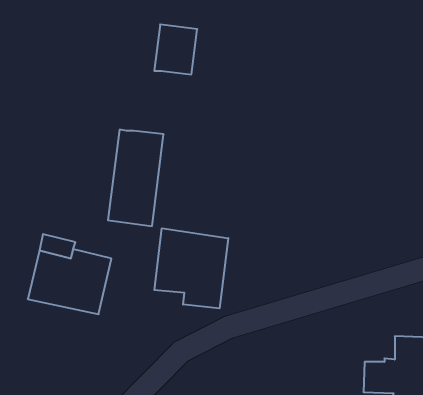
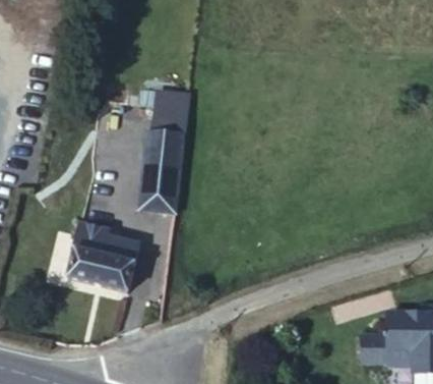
building: [154,24,197,74] -> [153,90,191,133]
building: [154,228,228,308] -> none

